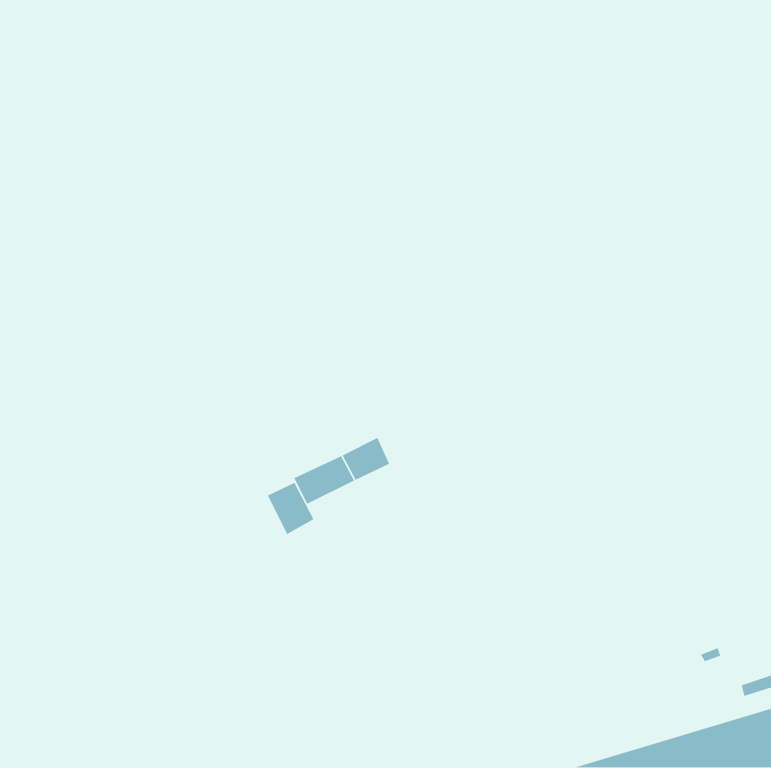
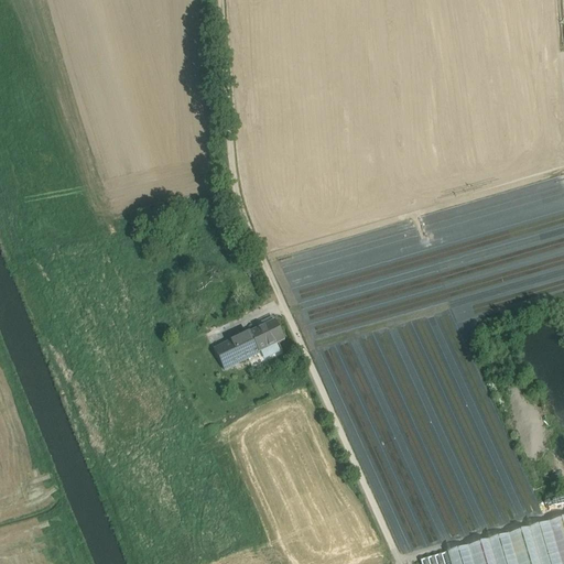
building: [267,482,315,535] -> none

